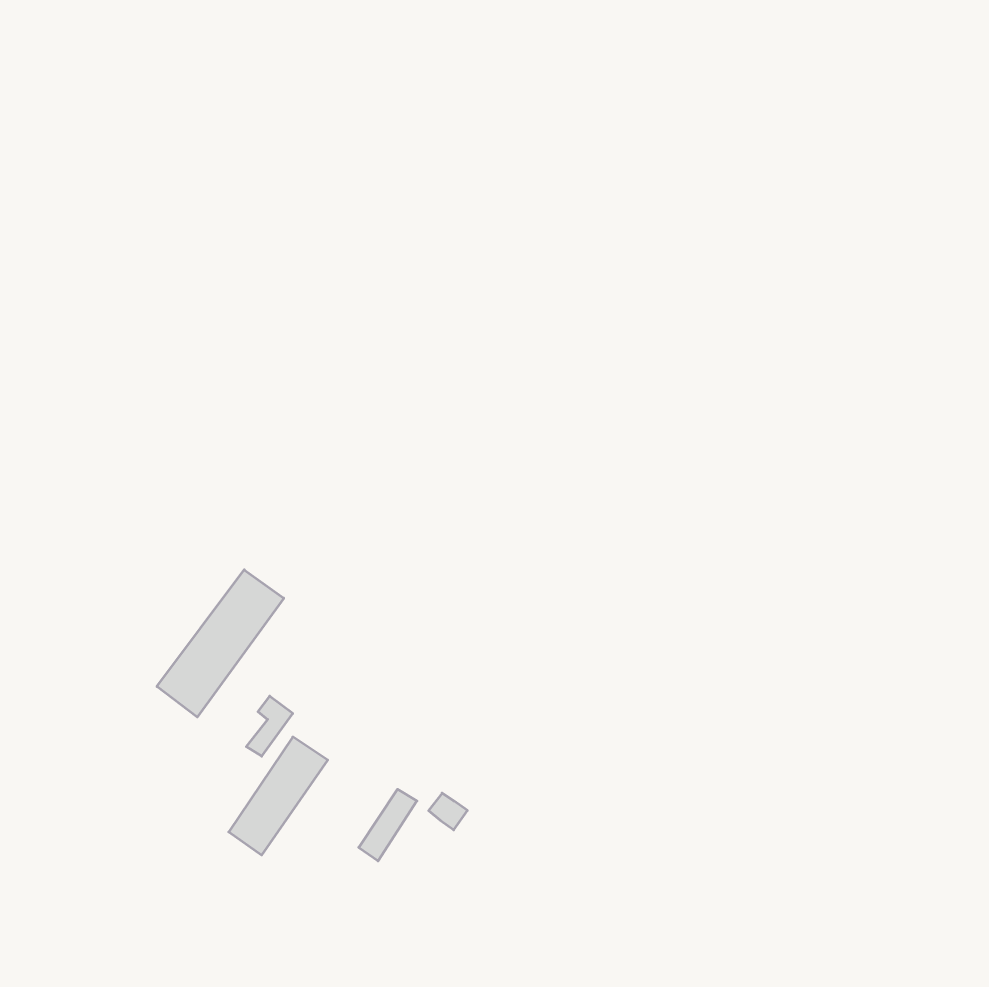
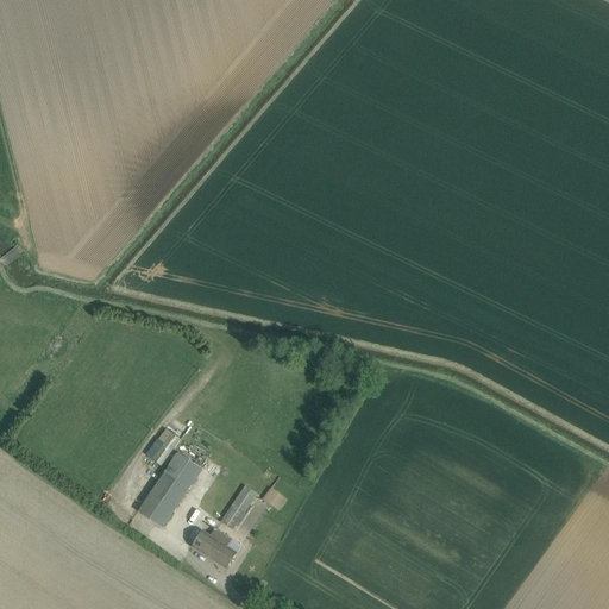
building: [157,570,284,717] -> none
building: none -> [192,527,237,567]

